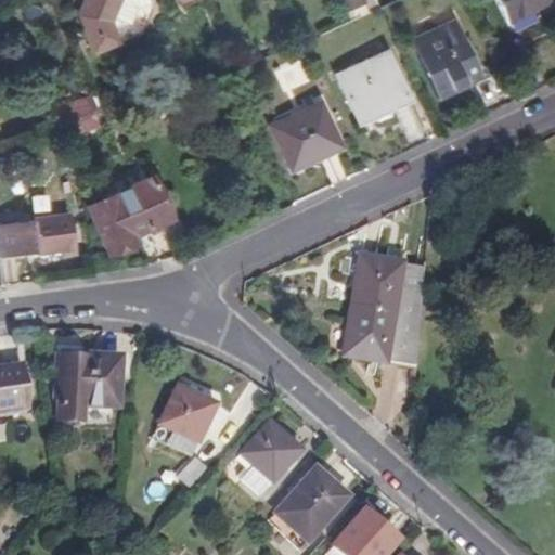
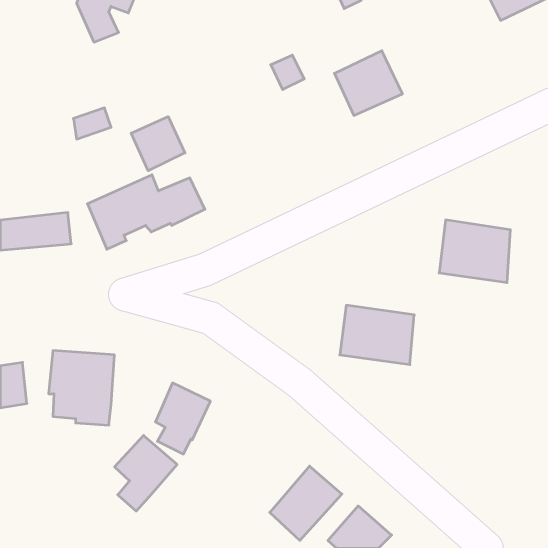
building: [415,21,488,92] -> none
building: [273,102,341,167] -> none
building: none -> [131,117,185,171]
building: [351,254,423,317] -> [439,220,510,283]
building: [241,420,304,495] -> [115,435,177,511]

